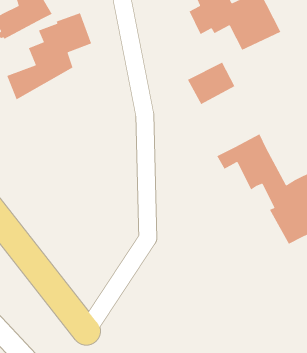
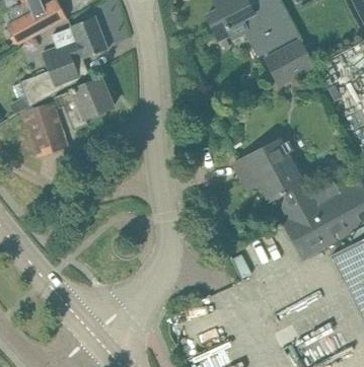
building: [187,62,235,105] -> [263,40,312,84]
building: none -> [54,77,112,130]
building: none -> [22,101,67,156]

